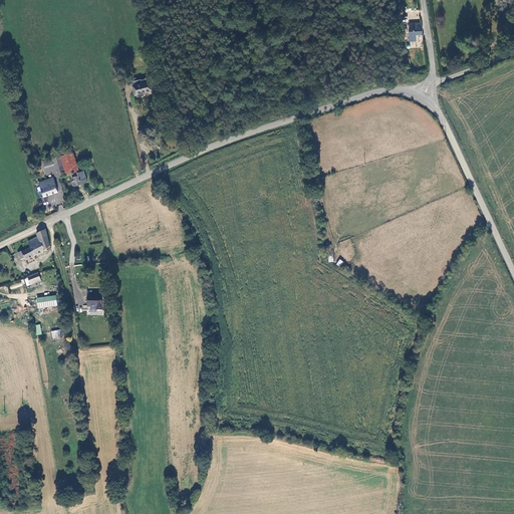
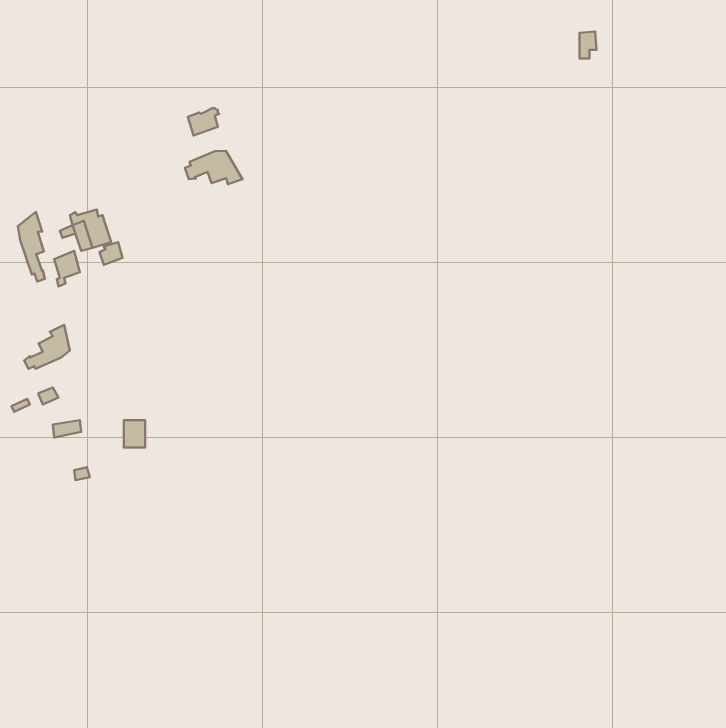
building: none -> [185,151,243,184]
building: none -> [18,212,45,281]

